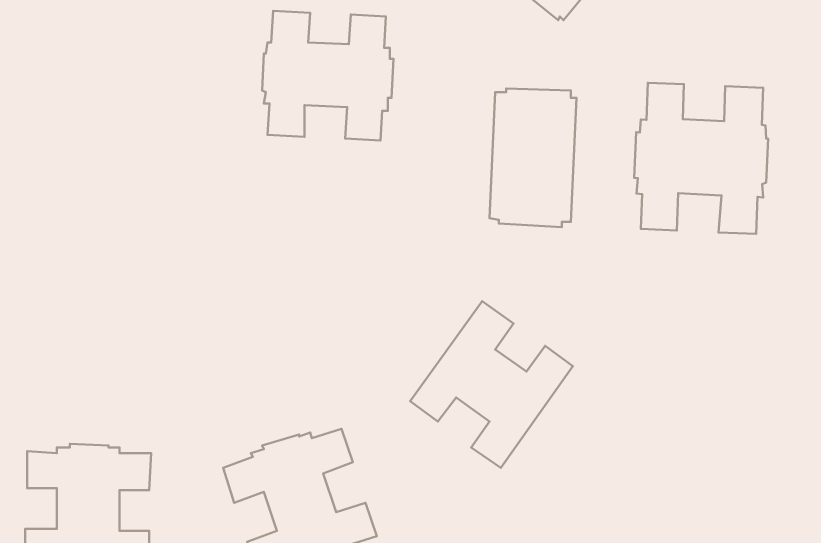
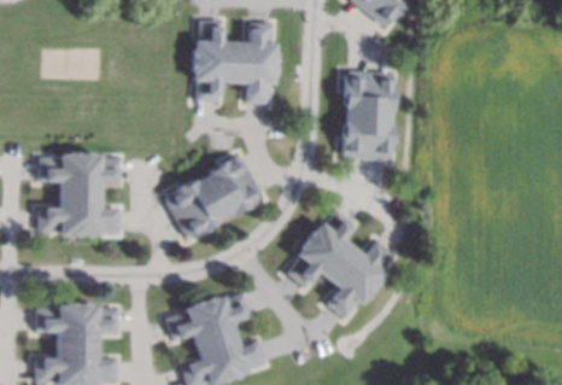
building: [634,83,768,234] -> none
building: none -> [39,152,119,238]
building: none -> [164,156,260,238]

